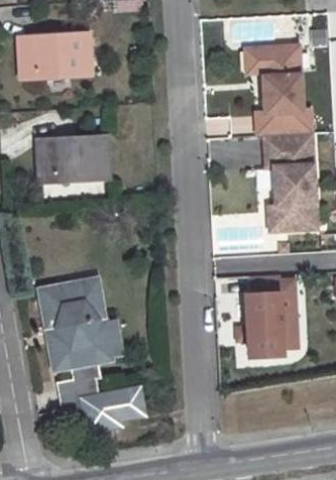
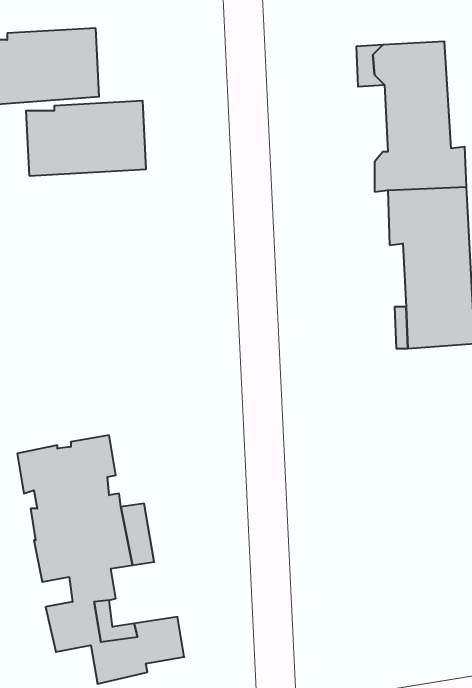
building: [36,137,109,183] -> [26,101,146,176]
building: [246,273,297,355] -> none

